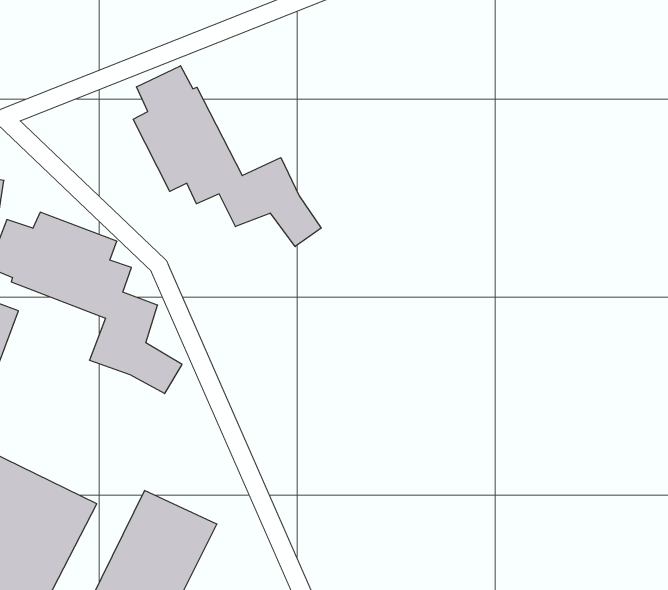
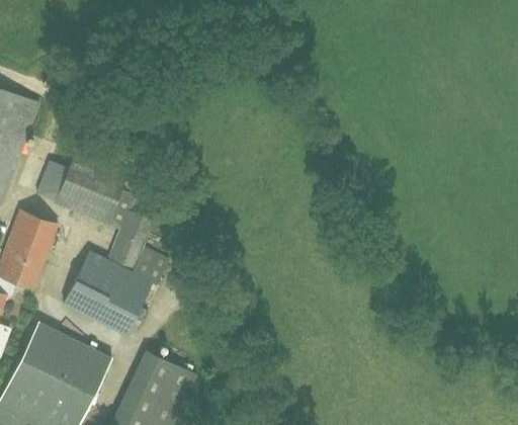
building: [133,66,321,247] -> none
building: none -> [63,252,152,335]

